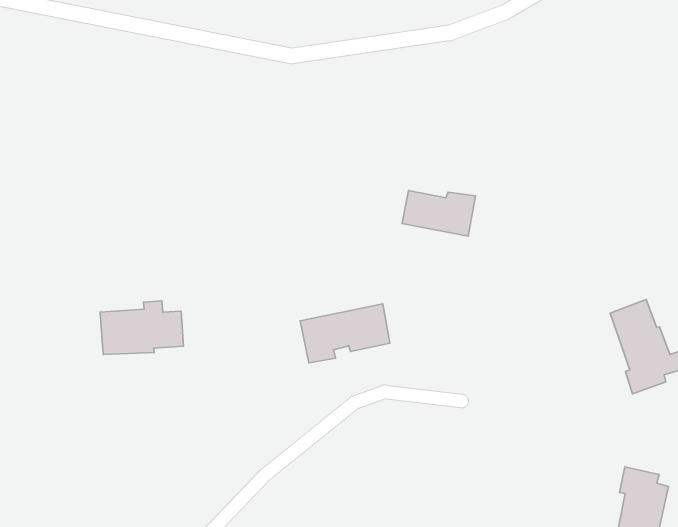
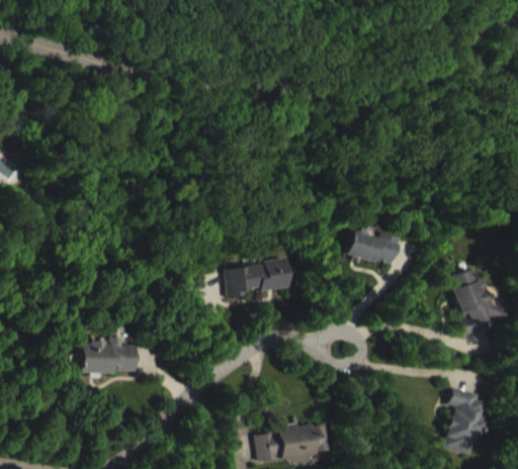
building: [402,190,475,236] -> [350,229,404,265]
building: [100,301,183,354] -> [83,337,141,373]

